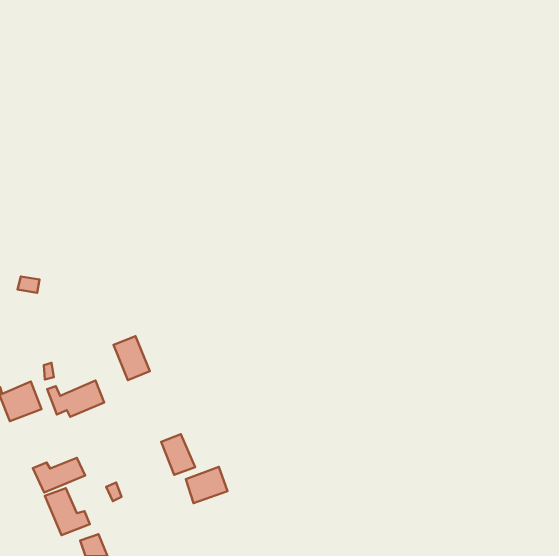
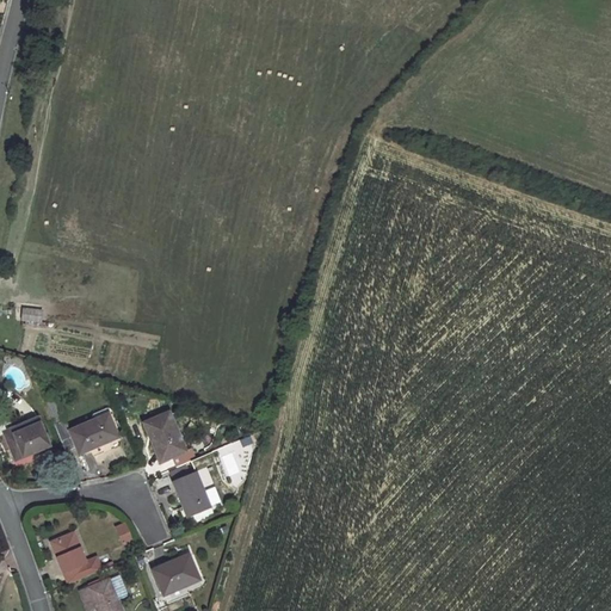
building: [114,336,150,380] -> [146,413,185,461]
building: [33,458,85,493] -> none
building: [186,467,227,503] -> [154,555,199,594]

